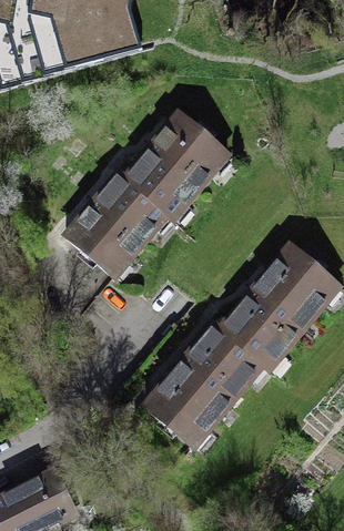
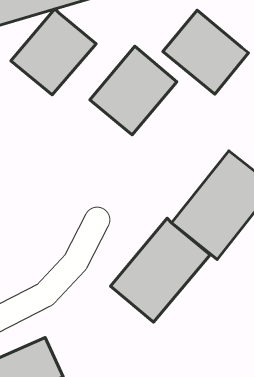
building: none -> [163,10,248,94]
building: [60,172,165,278] -> [11,9,96,95]

